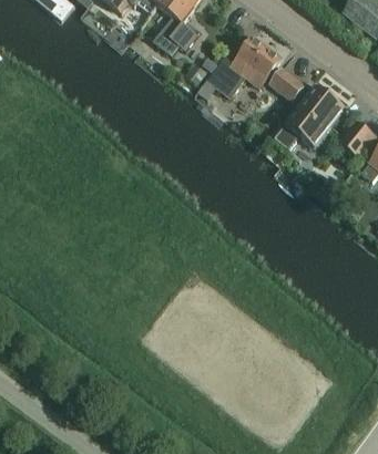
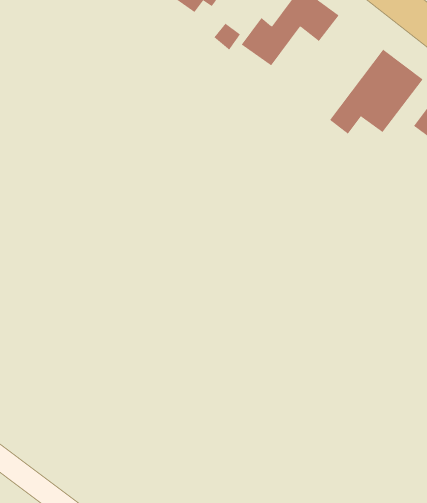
building: [269,64,305,100] -> none

